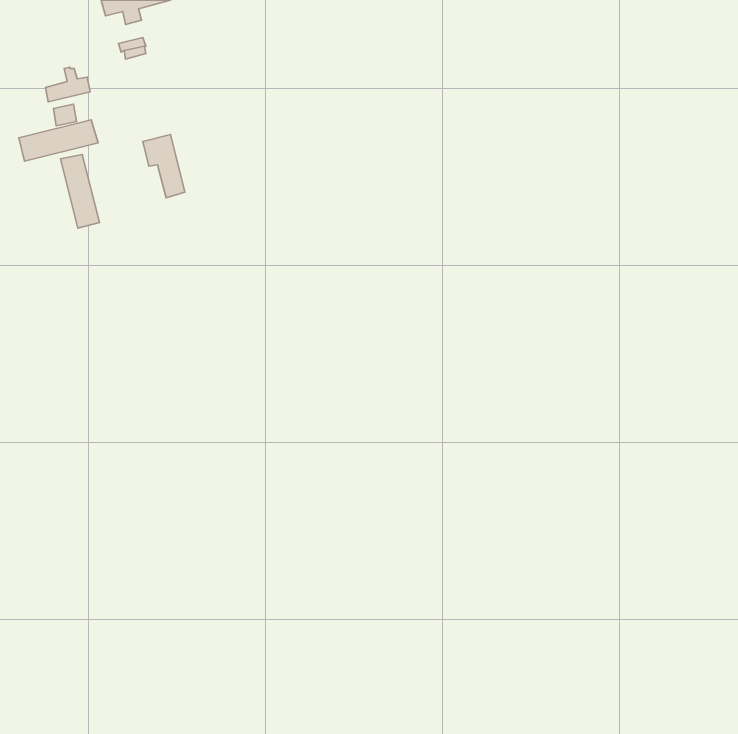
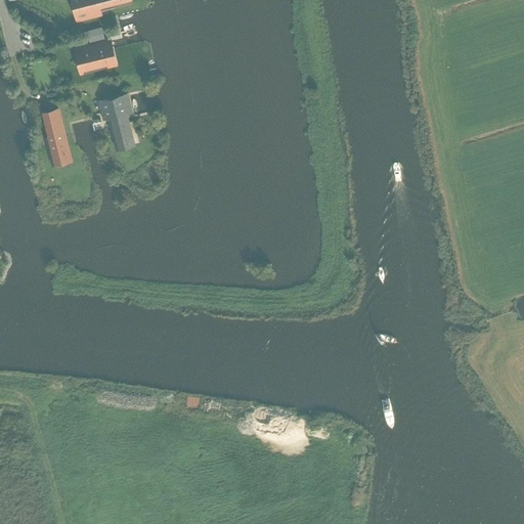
building: [45,67,90,102] -> [77,47,108,72]
building: [19,120,98,161] -> none

